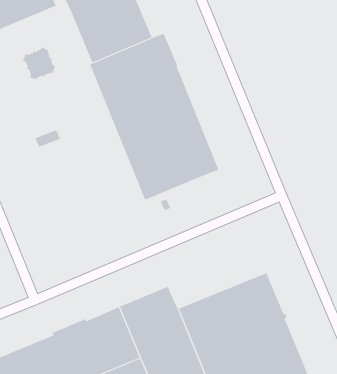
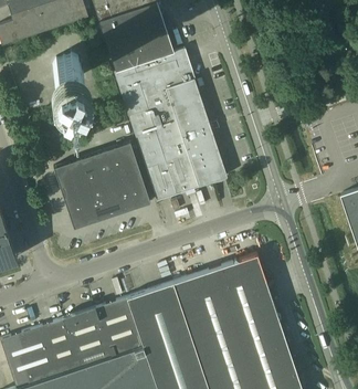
building: none -> [53,143,150,229]
building: none -> [172,254,264,303]

